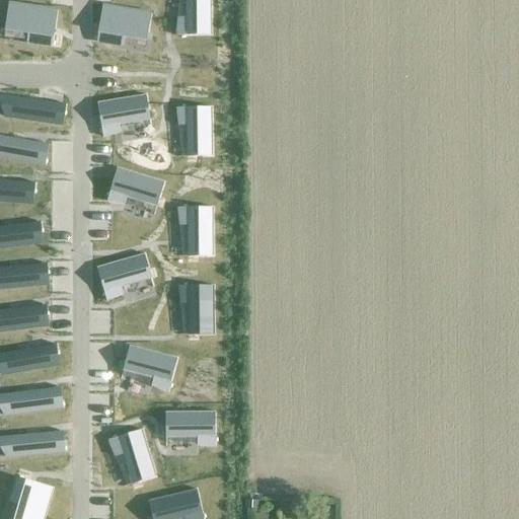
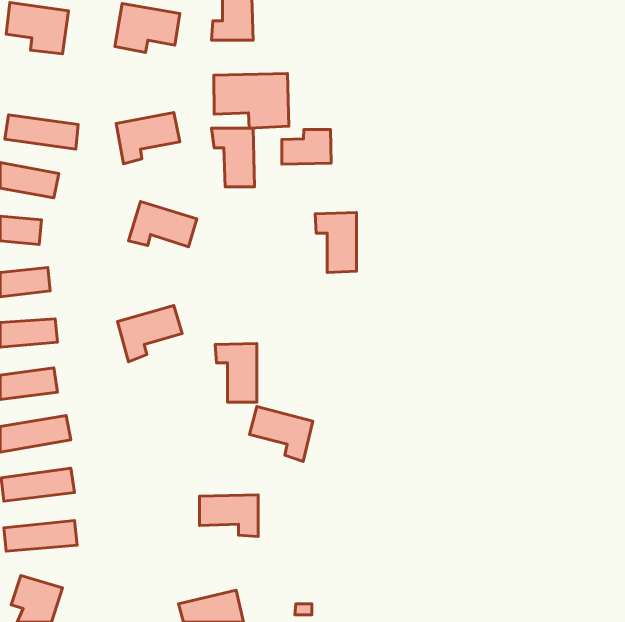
building: none -> [214,74,289,128]
building: none -> [282,129,331,164]
building: [177,206,212,255] -> [315,212,357,272]
building: [123,345,175,390] -> [249,406,313,461]
building: [108,429,155,483] -> none

